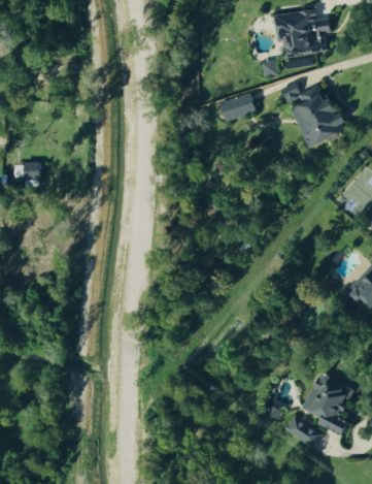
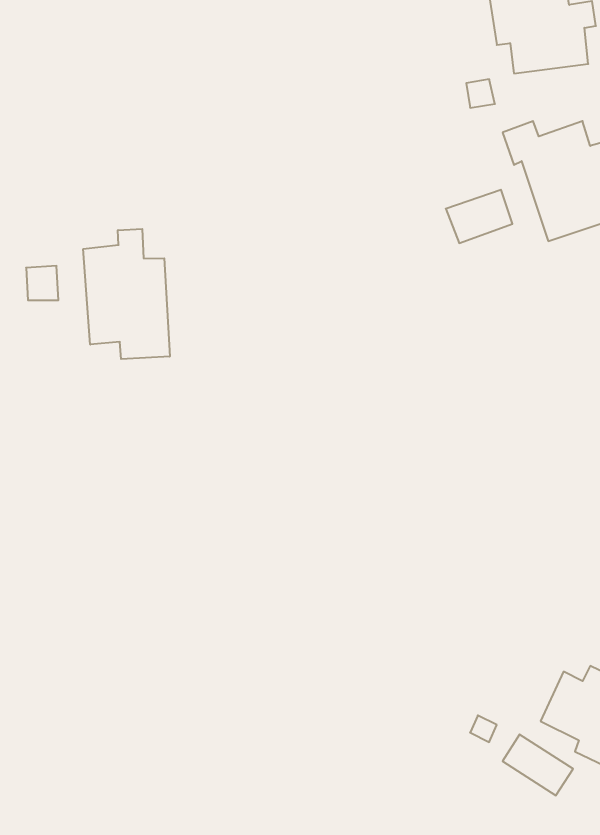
building: [221,93,257,122] -> [446,190,512,243]
building: none -> [83,229,170,359]

